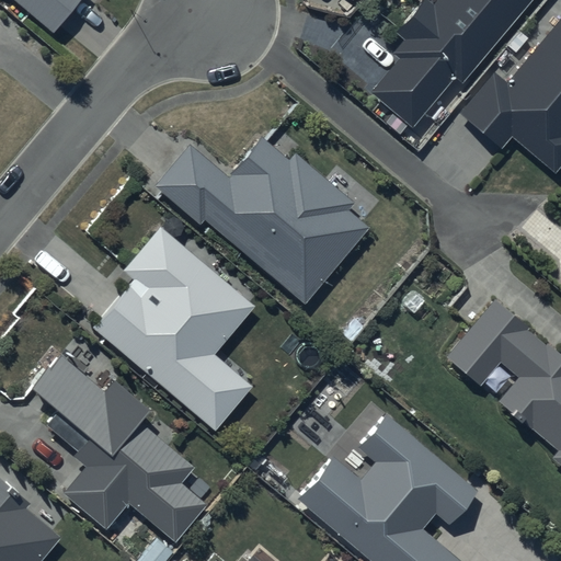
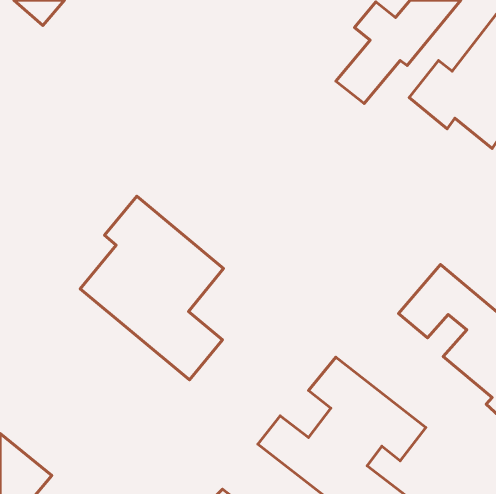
building: [153,138,366,301] -> none
building: [26,348,204,538] -> none

